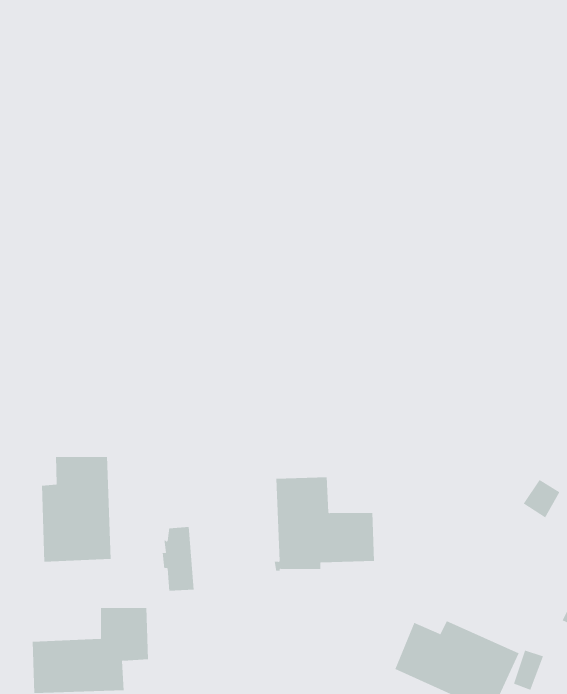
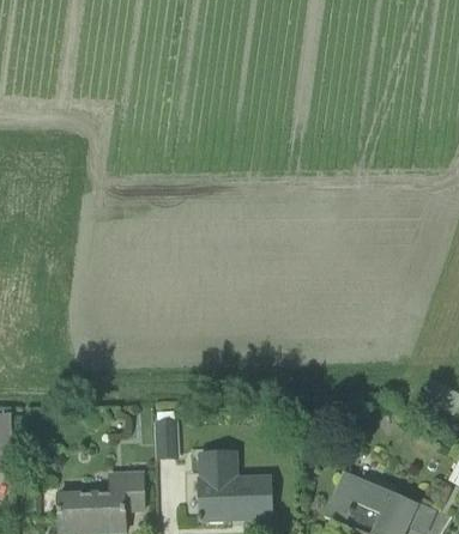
building: [41,456,111,562] -> none
building: [274,477,375,571] -> [198,450,272,520]

